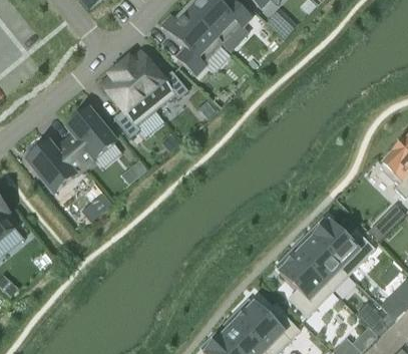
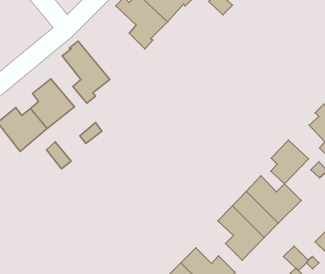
building: [119,50,187,109] -> none
building: none -> [271,140,309,184]

